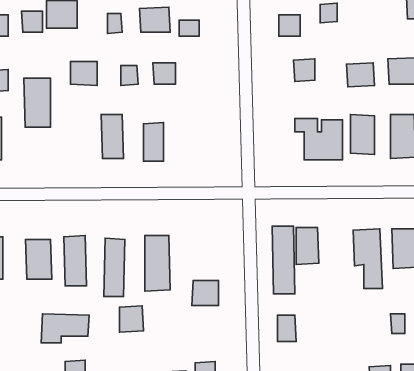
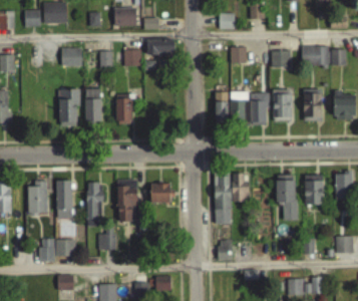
building: none -> [147,39,175,55]
building: [24,78,50,127] -> [59,88,79,125]
building: none -> [215,91,230,124]
building: [192,280,218,306] -> [150,183,170,202]

